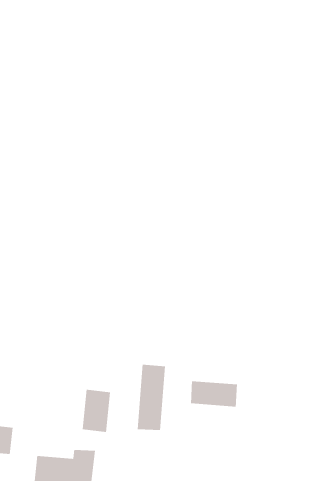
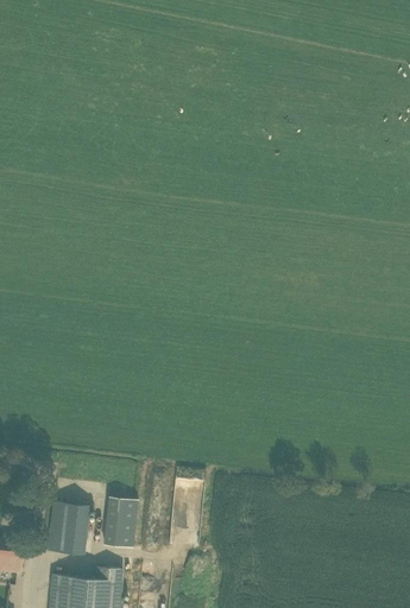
building: [190,380,237,408] -> none
building: none -> [48,502,87,555]

